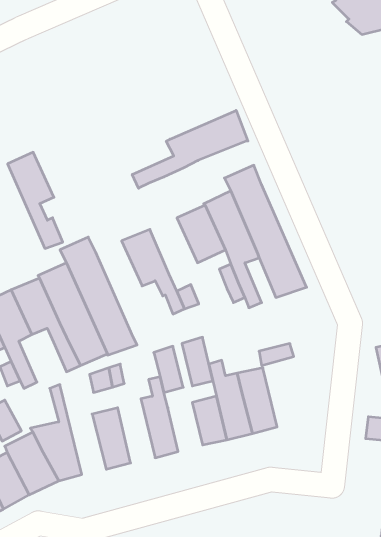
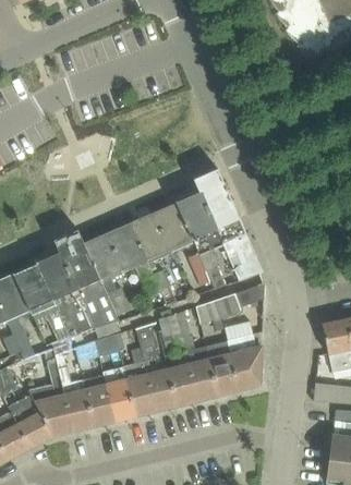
building: [132,110,248,188] -> none
building: [8,152,63,248] -> [84,232,131,314]
building: none -> [130,213,170,260]
building: none -> [195,282,264,322]
building: none -> [226,331,262,390]
building: none -> [53,351,93,431]
building: none -> [101,366,134,421]
building: none -> [145,369,174,411]

